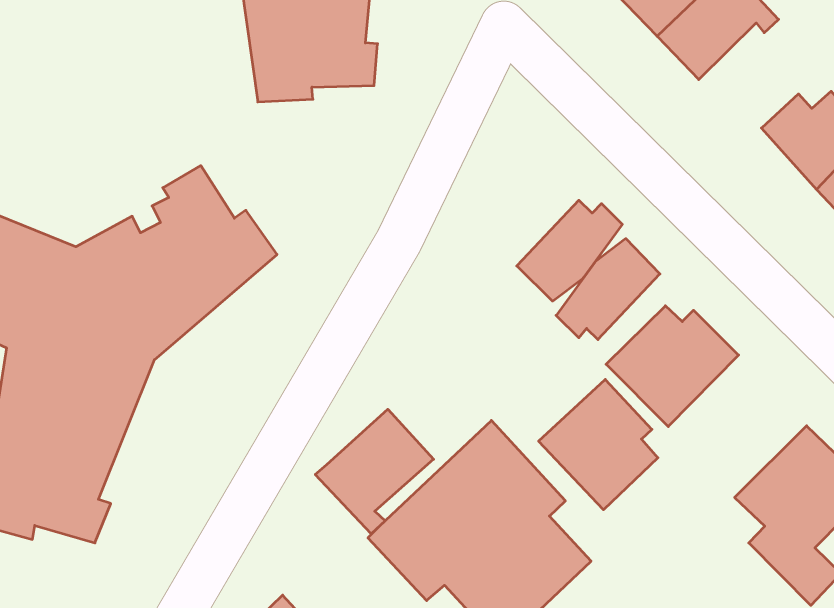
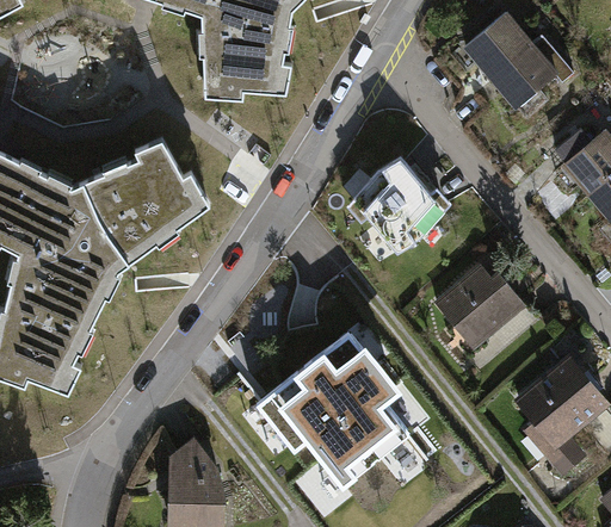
building: [556,239,660,340] -> [348,159,422,227]
building: [539,379,658,510] -> none
building: [315,409,434,534] -> none

